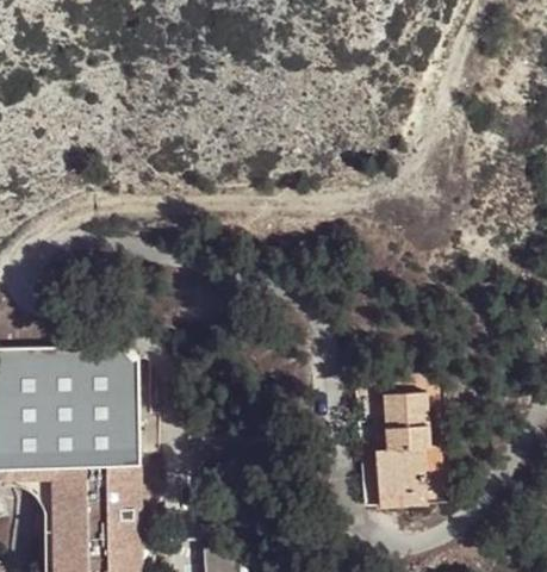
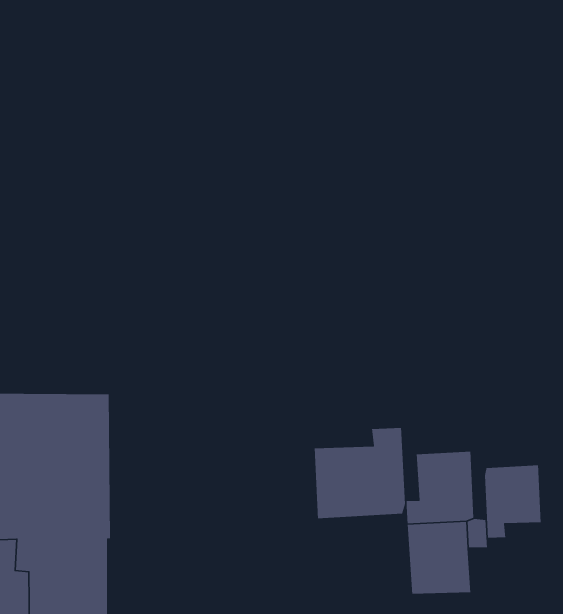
building: none -> [314,427,406,519]
building: none -> [484,464,541,539]

